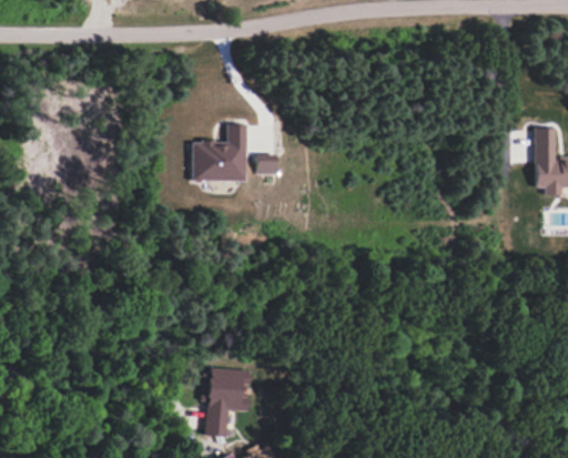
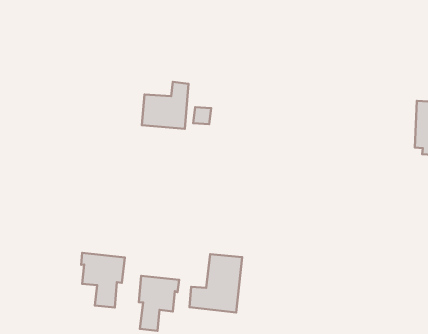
building: none -> [190,254,242,312]
building: none -> [81,253,125,307]

